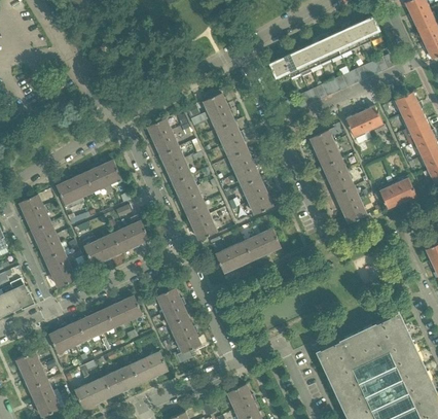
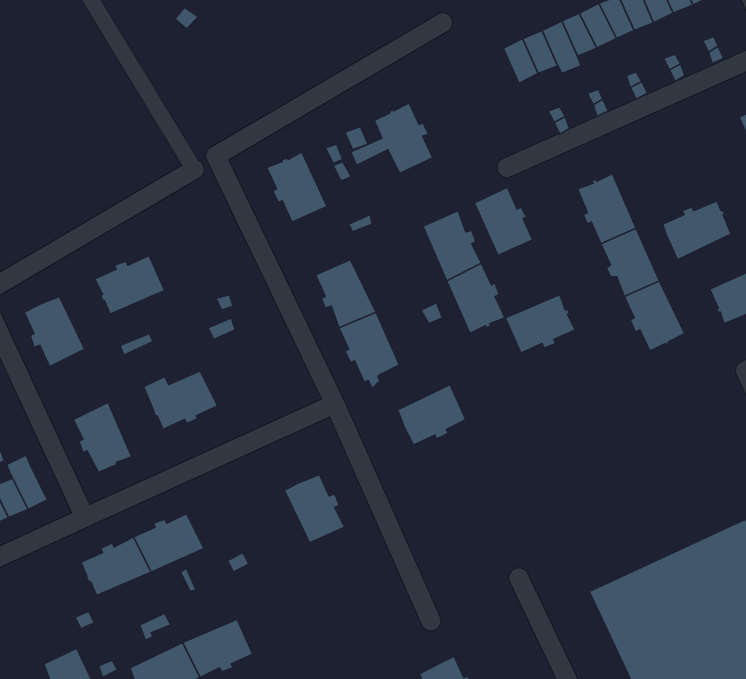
building: [345,106,382,138] -> [663,201,733,261]
building: [216,121,247,158] -> [474,187,533,256]
building: [159,147,190,183] -> none
building: [84,160,120,191] -> none
building: [111,215,148,252] -> none
building: [32,222,63,259] -> none
building: [243,229,280,259] -> [505,295,575,353]
building: [104,295,141,327] -> none
building: [169,316,199,362] -> none
building: [15,352,46,388] -> none
building: [131,352,167,383] -> none

